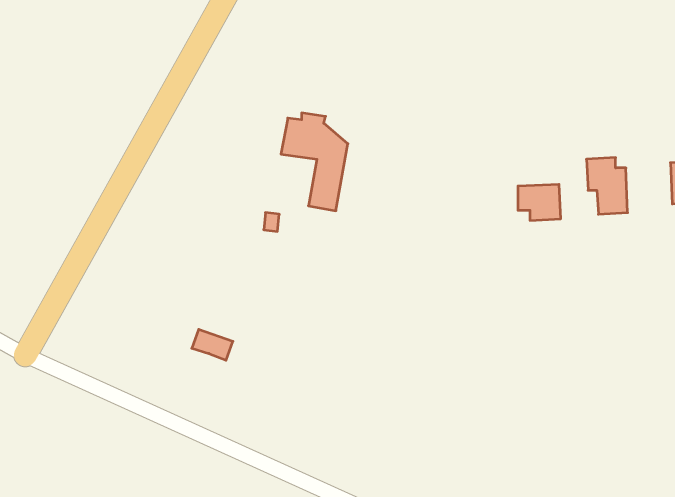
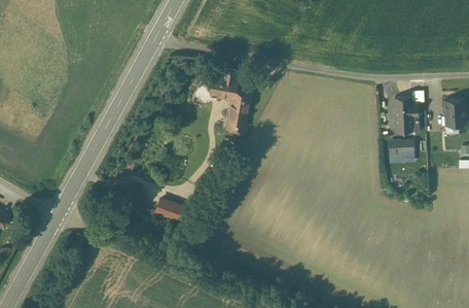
building: [518,184,561,220] -> [388,141,413,163]

